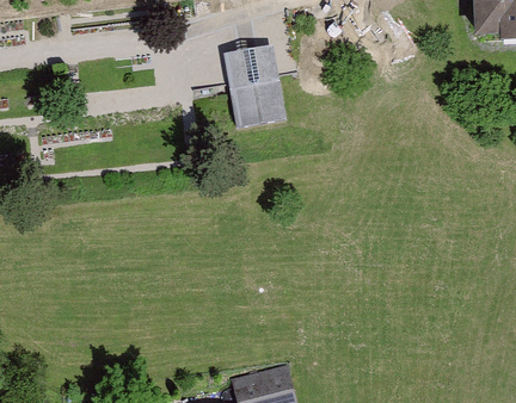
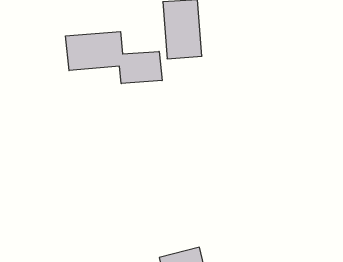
building: none -> [66,32,162,84]

